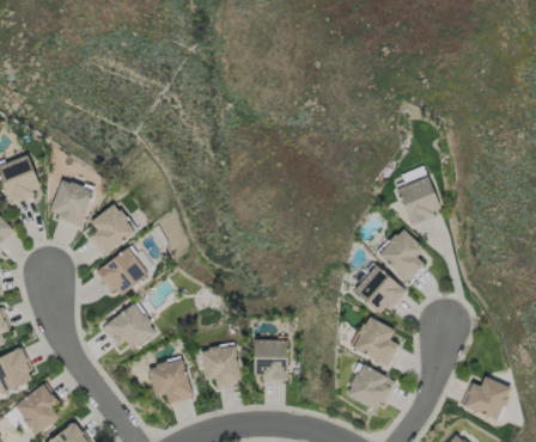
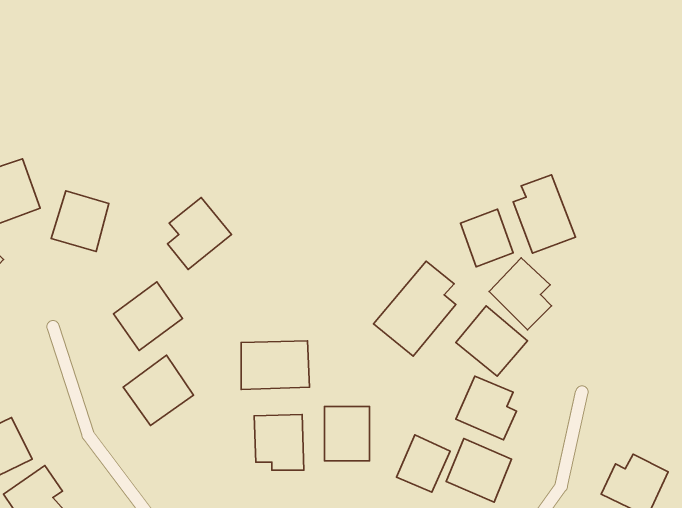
building: none -> [460,209,513,267]
building: [90,203,138,257] -> [167,198,231,270]
building: none -> [374,261,456,356]
building: none -> [241,341,310,389]
building: [147,357,191,403] -> none
building: none -> [397,435,450,492]

